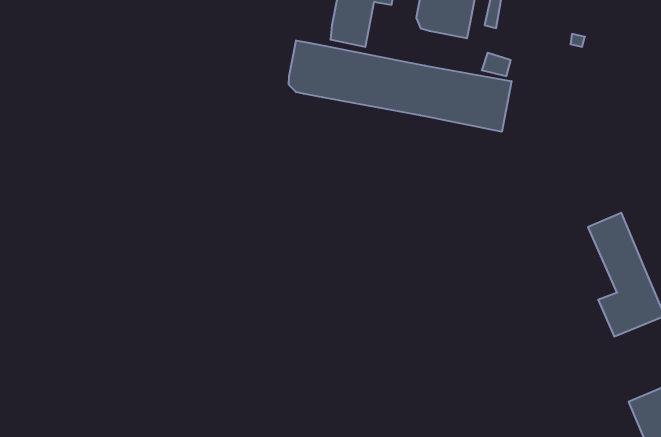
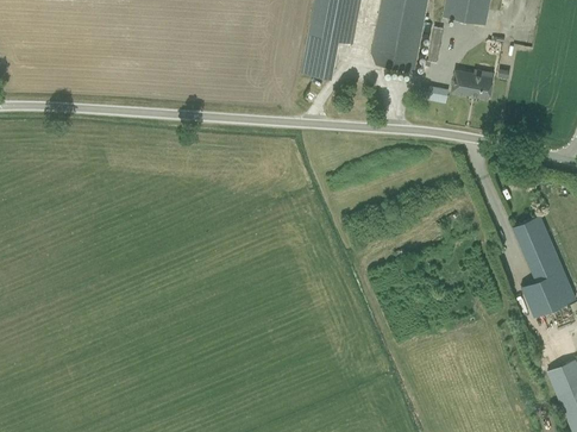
building: none -> [452,71,493,99]
building: [289,40,512,132] -> none

